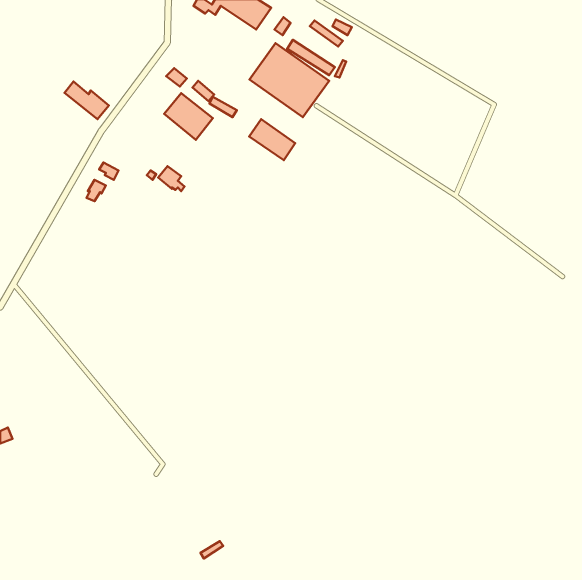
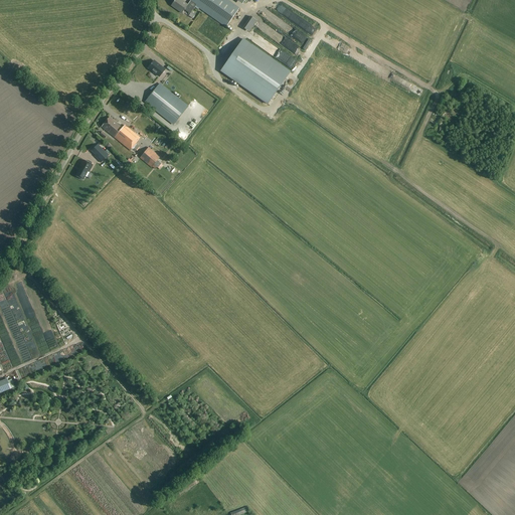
building: [65,82,109,119] -> [101,116,140,149]
building: [249,119,295,160] -> none

